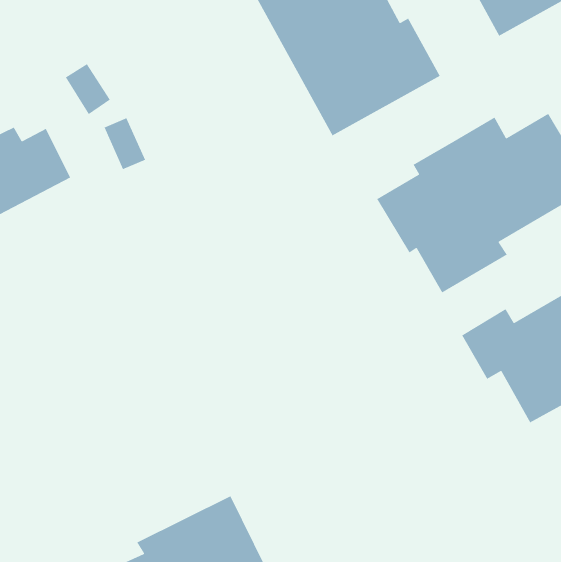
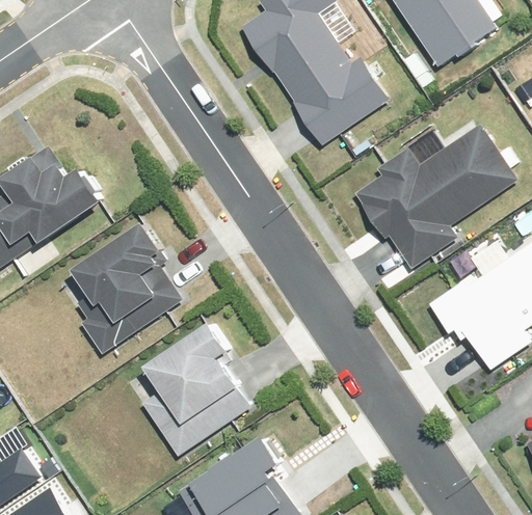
building: none -> [68,222,182,354]
building: none -> [131,321,261,458]

